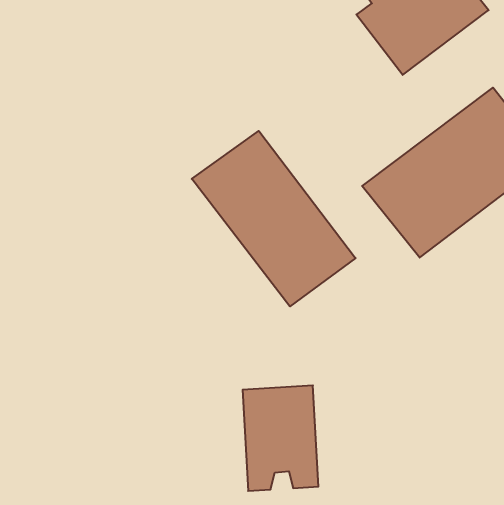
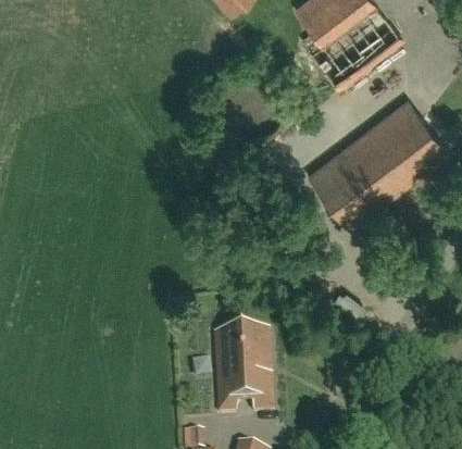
building: [192,131,356,306] -> none

